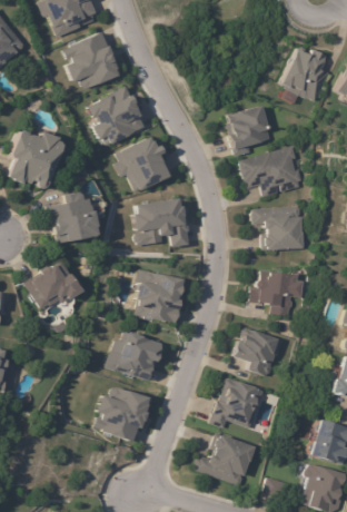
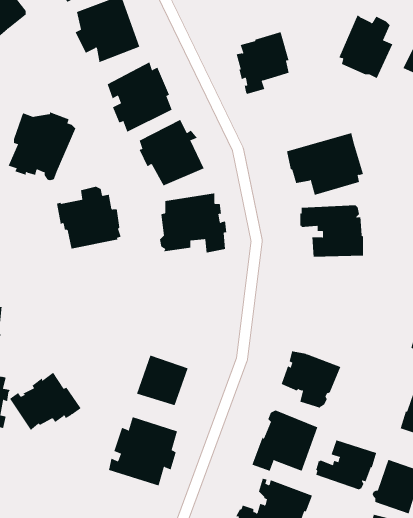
building: [229,105,274,157] -> [236,31,289,94]
building: [26,262,86,311] -> [9,372,81,431]
building: [249,269,305,316] -> none
building: [135,273,185,323] -> none
building: none -> [316,440,377,490]

